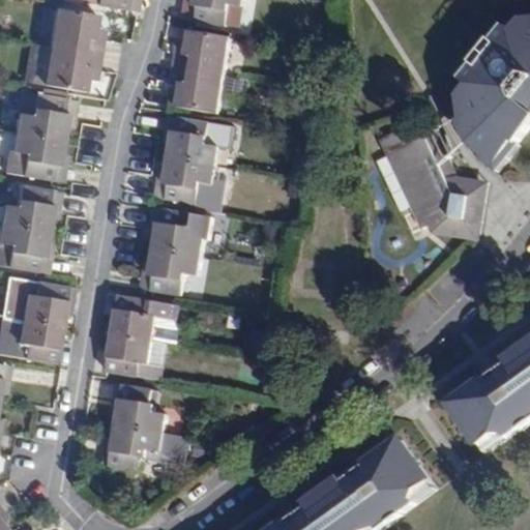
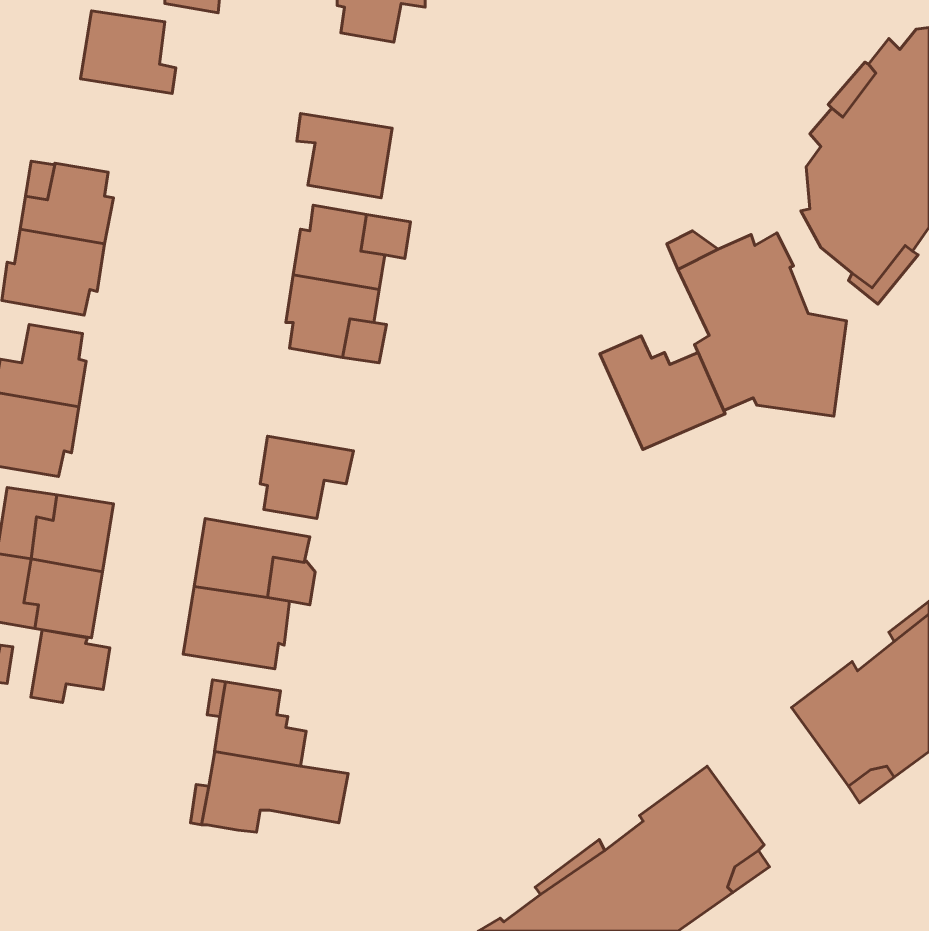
building: [170,28,228,72] -> none
building: [39,45,97,90] -> none
building: none -> [600,336,725,450]
building: [151,207,203,255] -> none
building: none -> [31,630,110,702]

